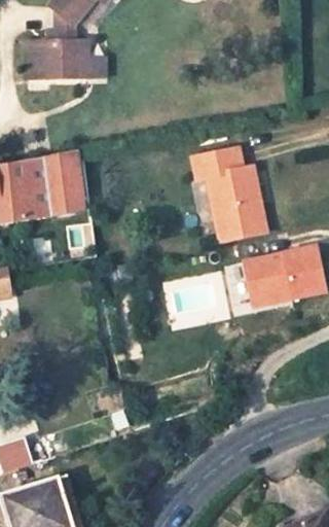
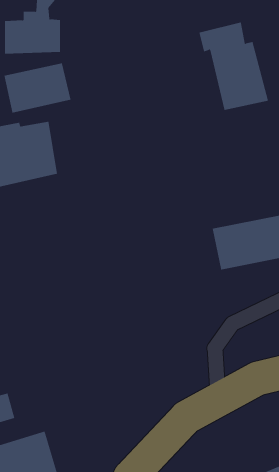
building: none -> [4,62,71,114]
building: [194,148,268,242] -> [199,22,269,111]

